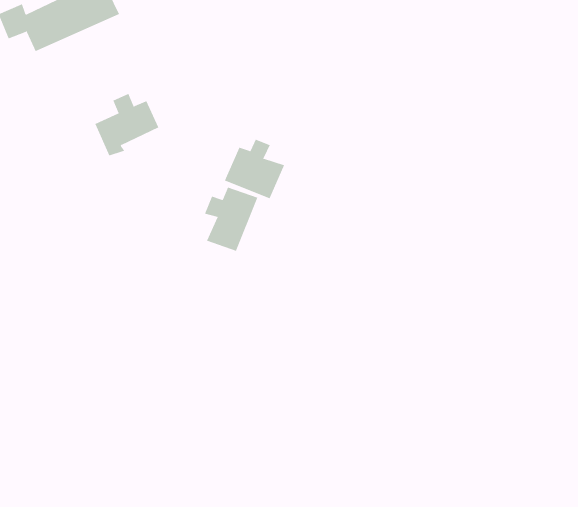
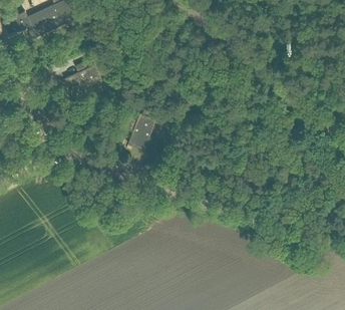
building: [224,139,285,199] -> none

